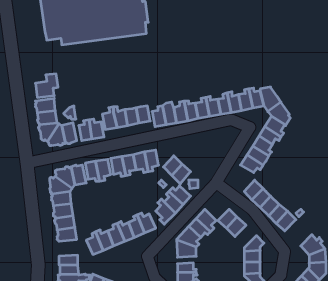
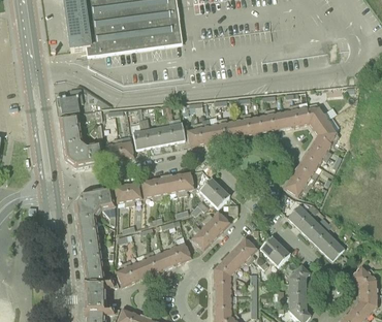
building: none -> [84,269,119,288]

